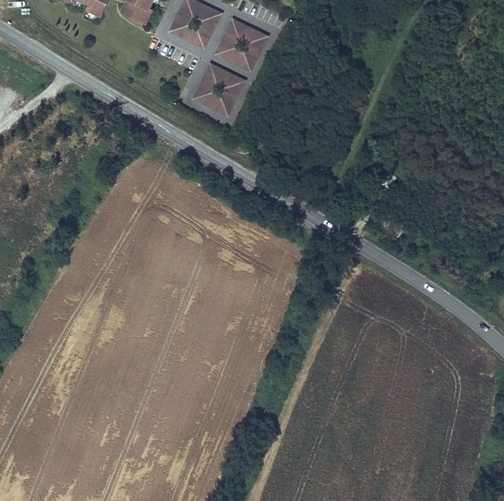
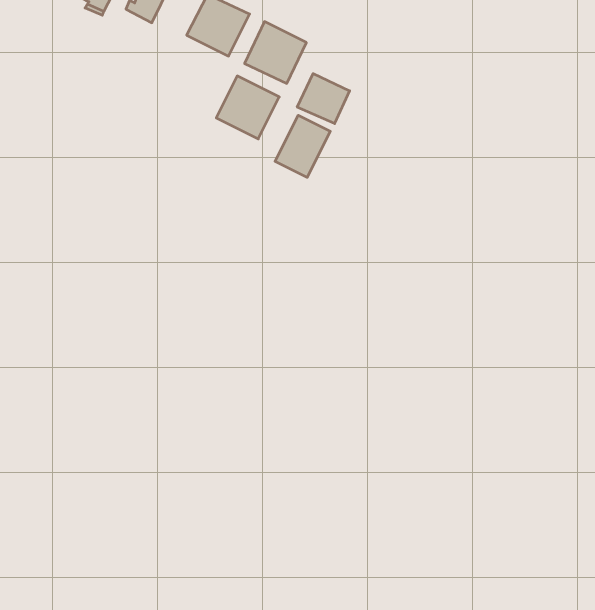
building: none -> [297,74,350,124]
building: none -> [275,115,330,177]

